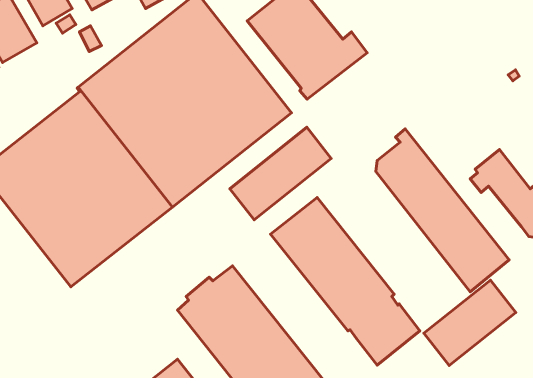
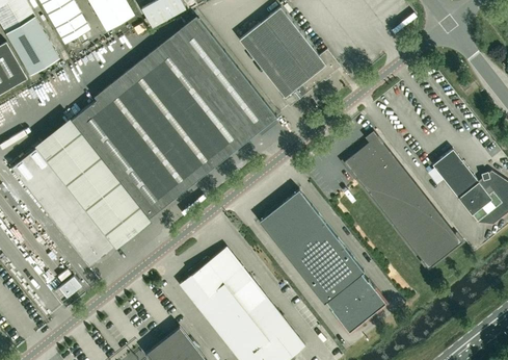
building: [230,127,331,220] -> none
building: [424,280,516,365] -> none

